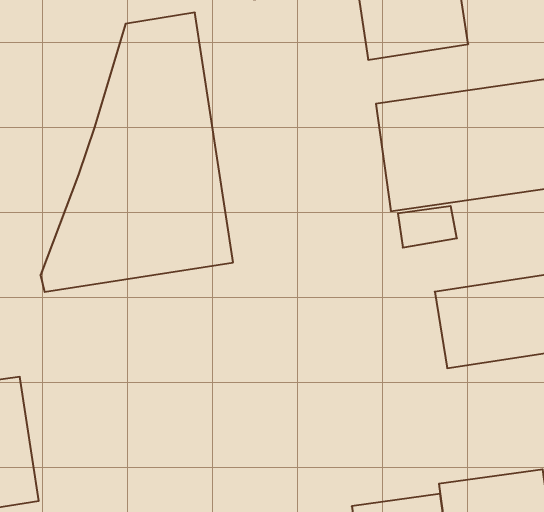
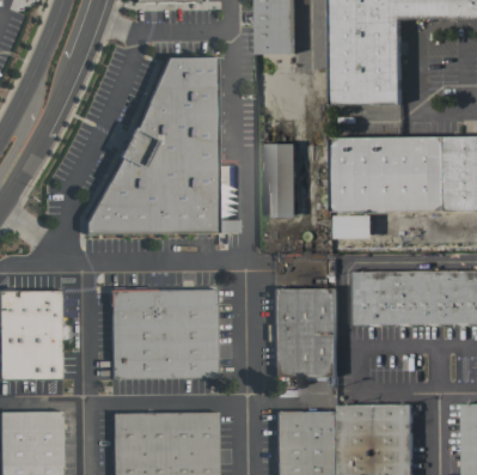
building: none -> [267,142,299,217]
building: none -> [274,287,337,377]
building: none -> [111,288,218,378]

